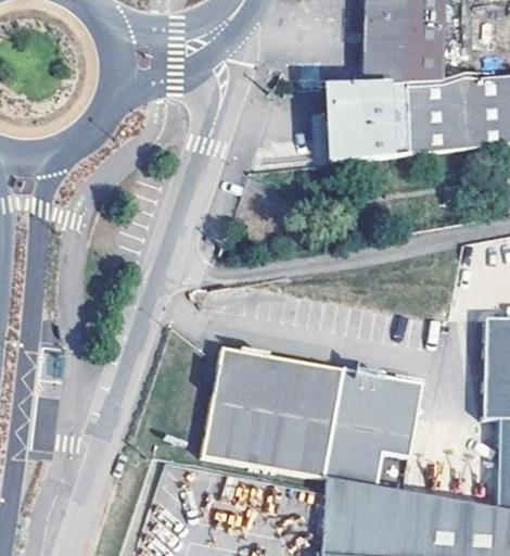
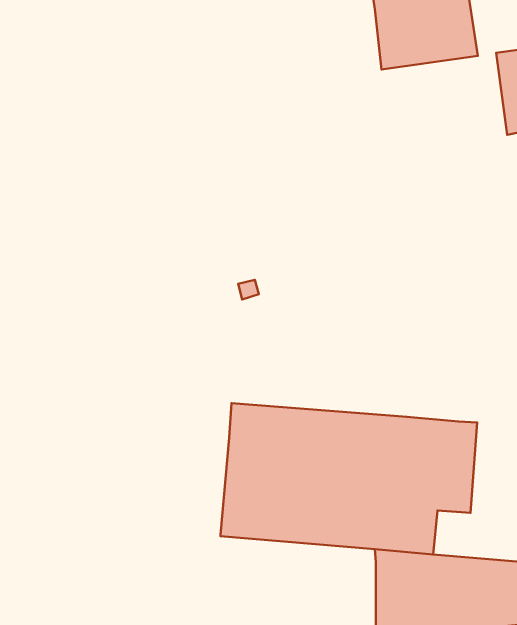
building: [327,79,466,164] -> none

